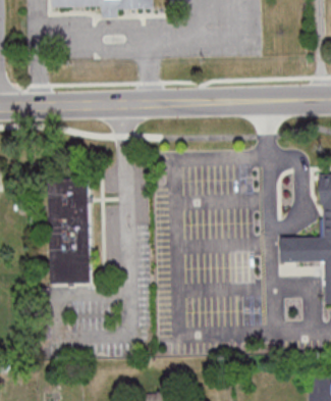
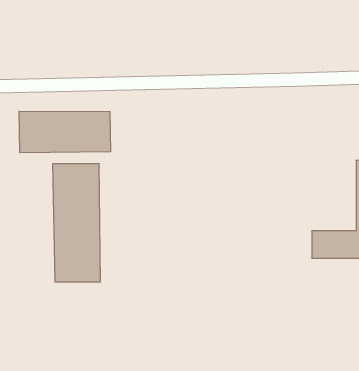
building: none -> [19,111,111,153]

